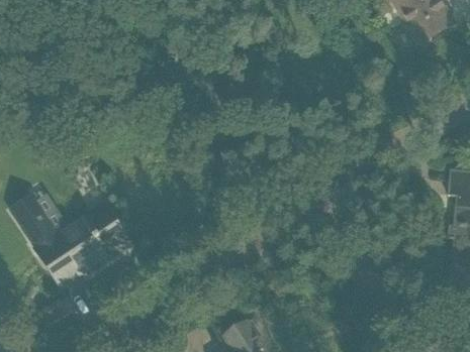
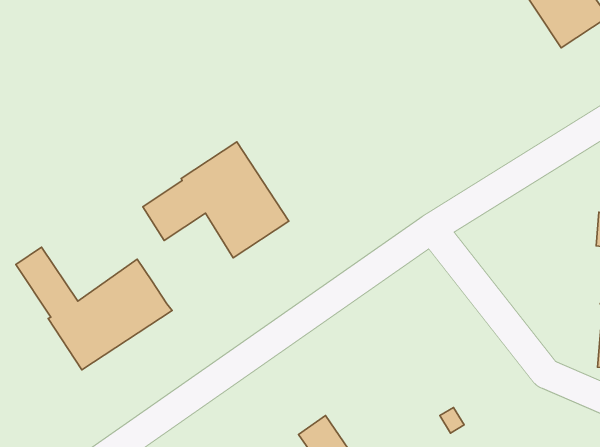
building: none -> [143,142,289,258]

